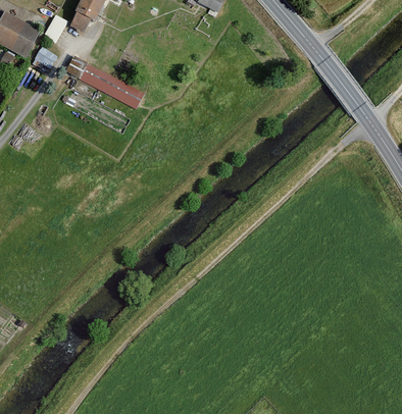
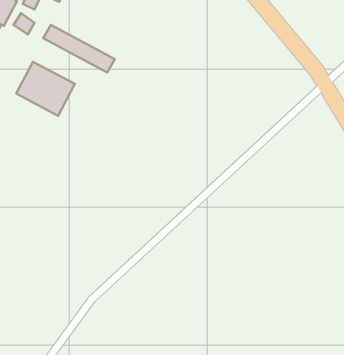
building: none -> [16,62,75,116]

